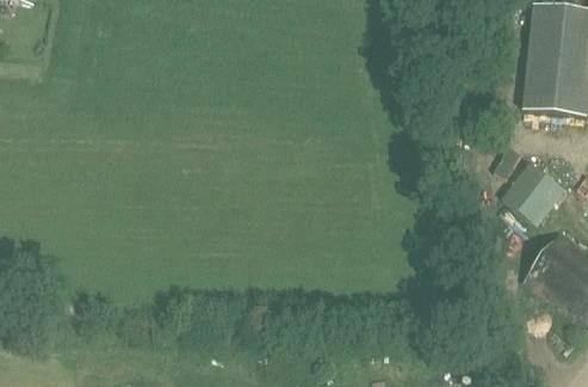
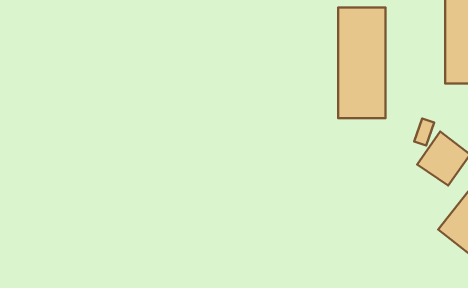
building: none -> [338,7,385,118]

